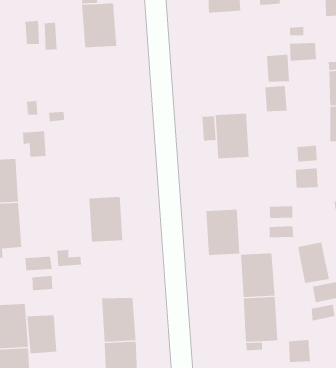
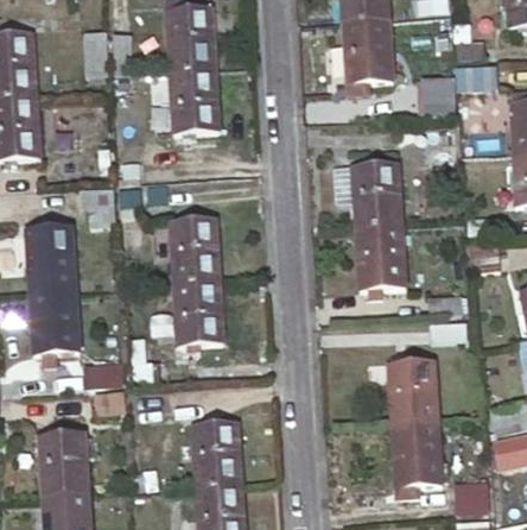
building: none -> [343,19,393,86]
building: none -> [169,69,220,135]
building: none -> [171,217,220,283]
building: [206,209,240,256] -> [356,226,405,292]
building: [297,242,330,284] -> none
building: [26,314,57,354] -> none

